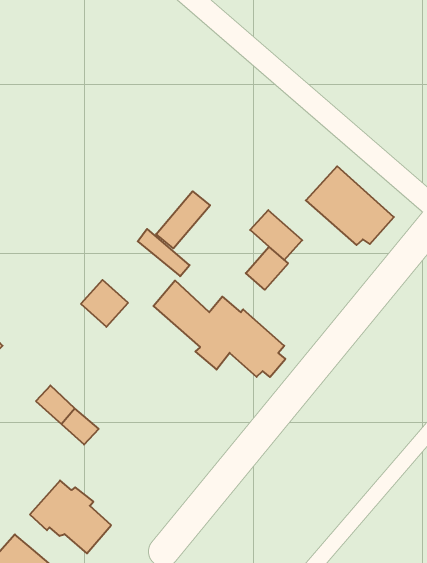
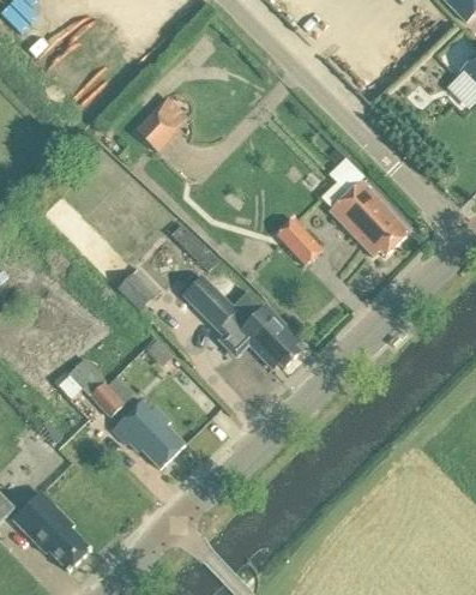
building: none -> [133,95,189,151]
building: [156,191,210,248] -> none
building: [246,247,288,290] -> none
building: [30,480,111,553] -> [110,398,183,467]

